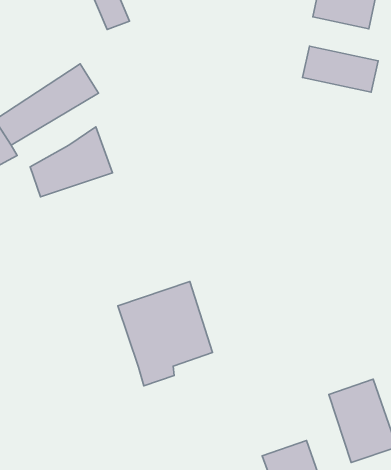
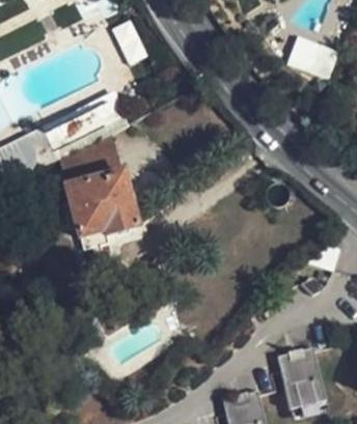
building: [303,46,378,92] -> none
building: [118,282,213,386] -> [65,172,136,250]

